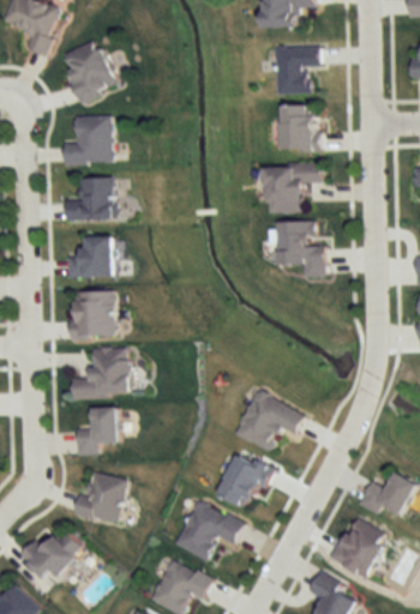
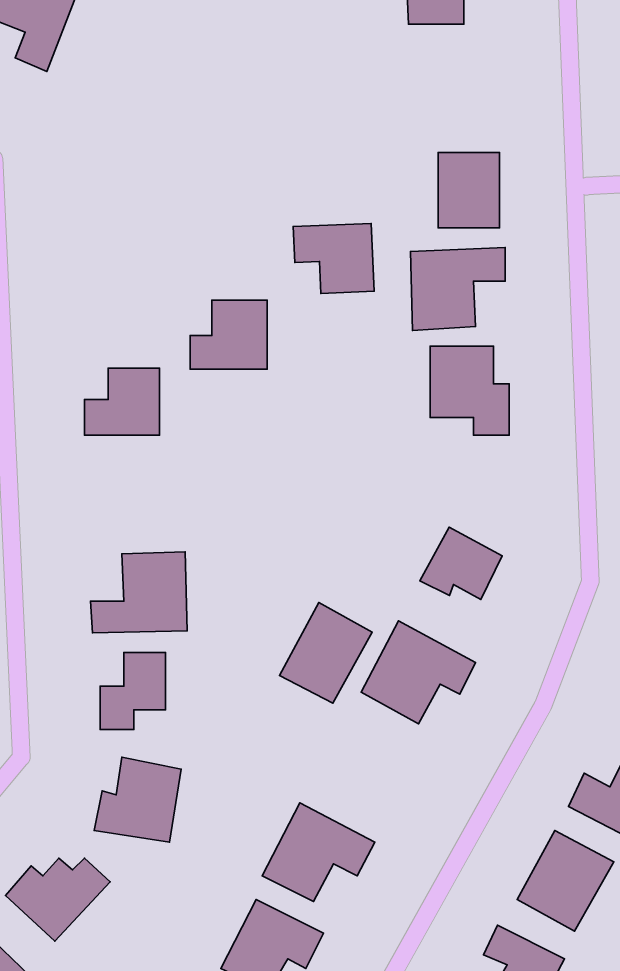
building: [60,38,115,101] -> none
building: [275,46,319,94] -> none
building: [62,114,110,163] -> none
building: none -> [293,223,374,294]
building: [65,177,112,219] -> [190,300,267,369]
building: [68,290,114,337] -> none
building: none -> [420,527,502,599]
building: [215,449,271,510] -> [279,603,372,703]

